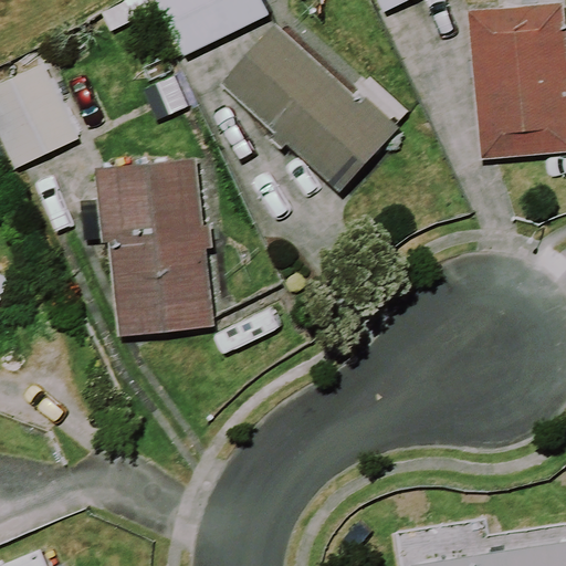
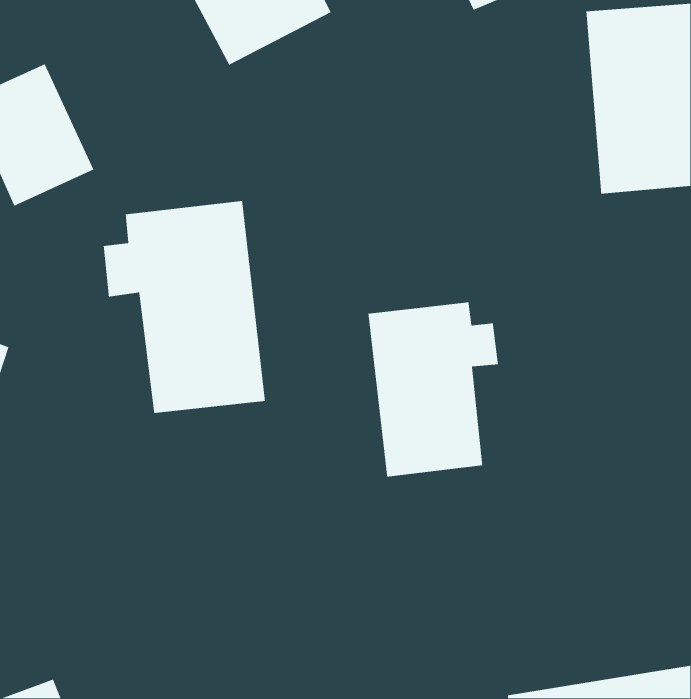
building: [224,30,392,190] -> none
building: none -> [367,302,499,478]

